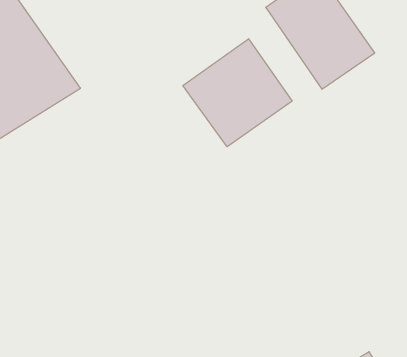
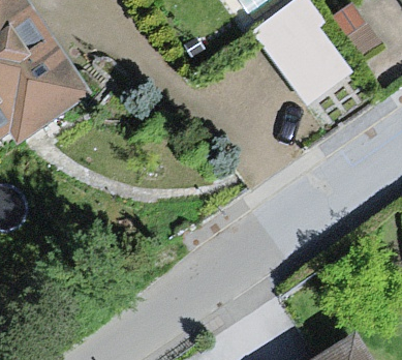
building: [183,39,292,147] -> none

